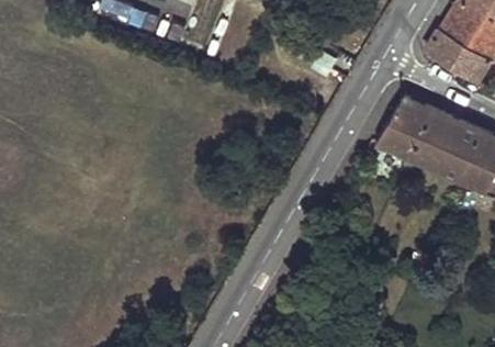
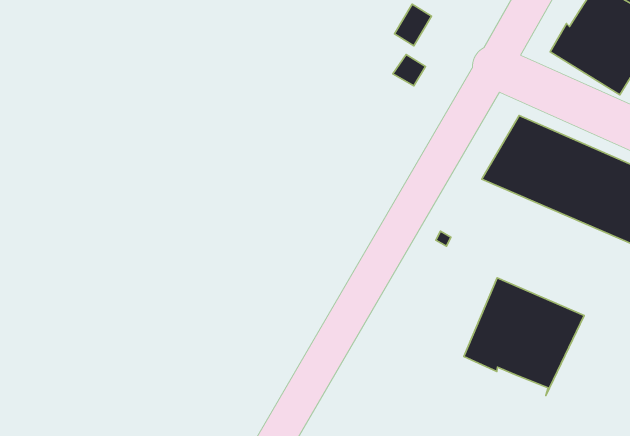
building: none -> [464,278,584,395]

